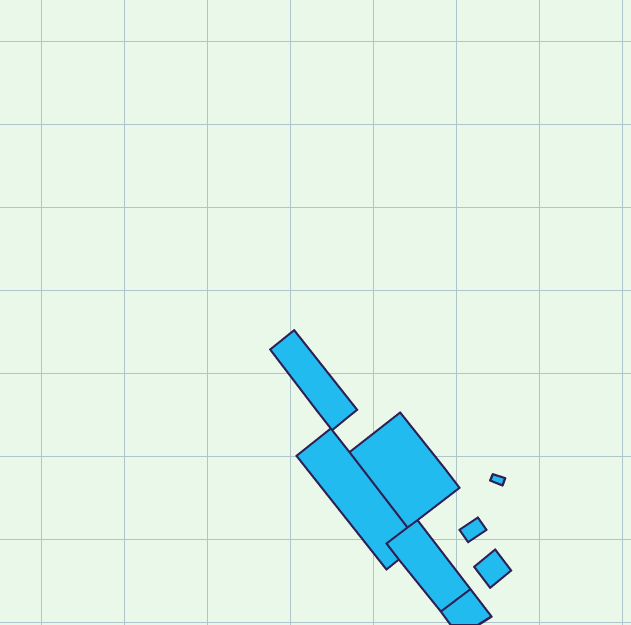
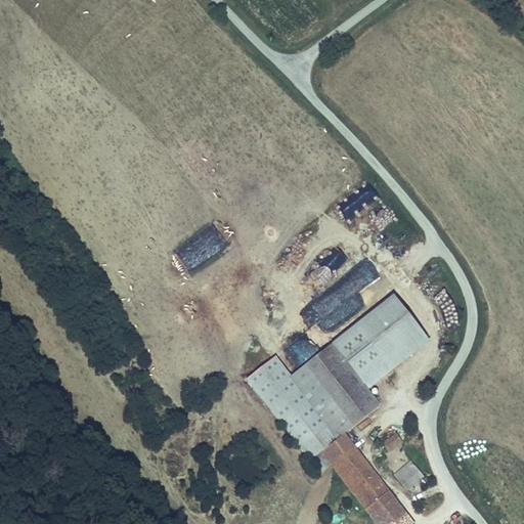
building: [270,330,357,430] -> none
building: none -> [332,294,430,388]

